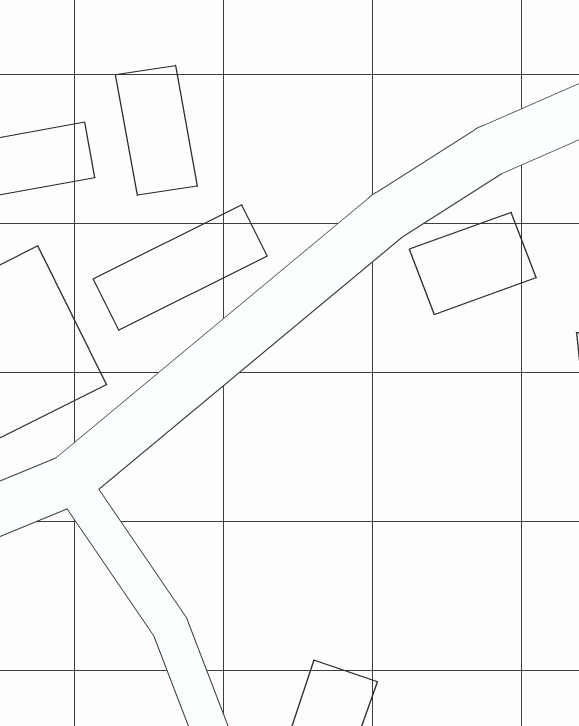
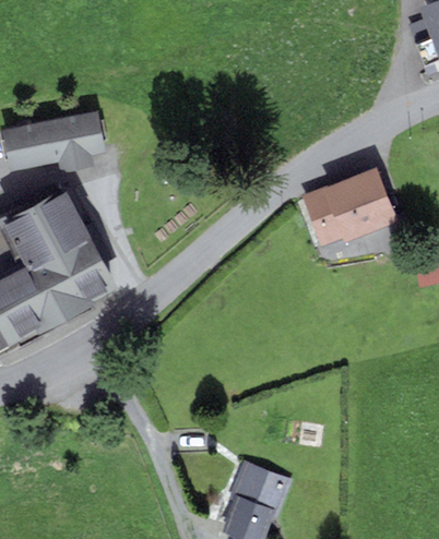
building: [116,65,197,195] -> none
building: [93,205,267,330] -> none

